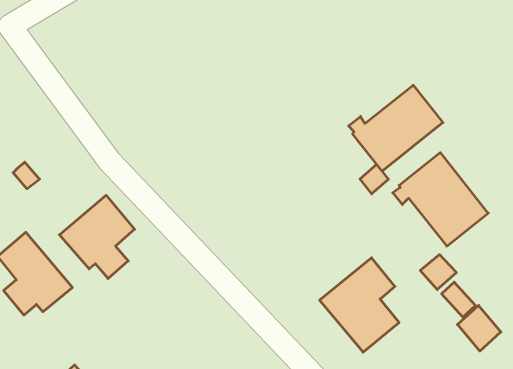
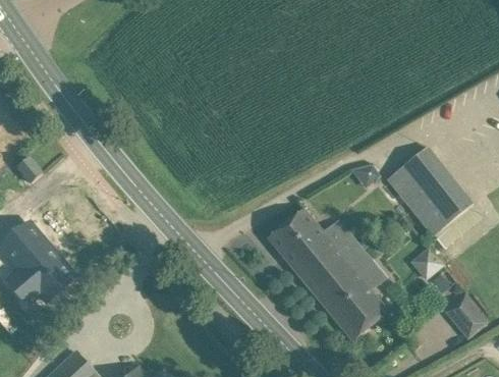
building: [349,85,443,171] -> none
building: [59,195,135,279] -> none
building: none -> [269,209,362,289]

